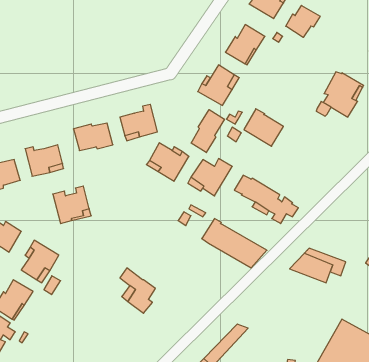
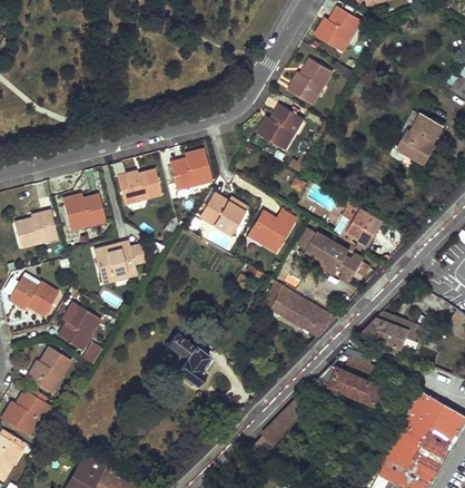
building: [286,5,320,37] -> none
building: [244,109,283,146] -> [338,202,383,244]
building: [191,110,224,153] -> none
building: none -> [317,358,384,404]

